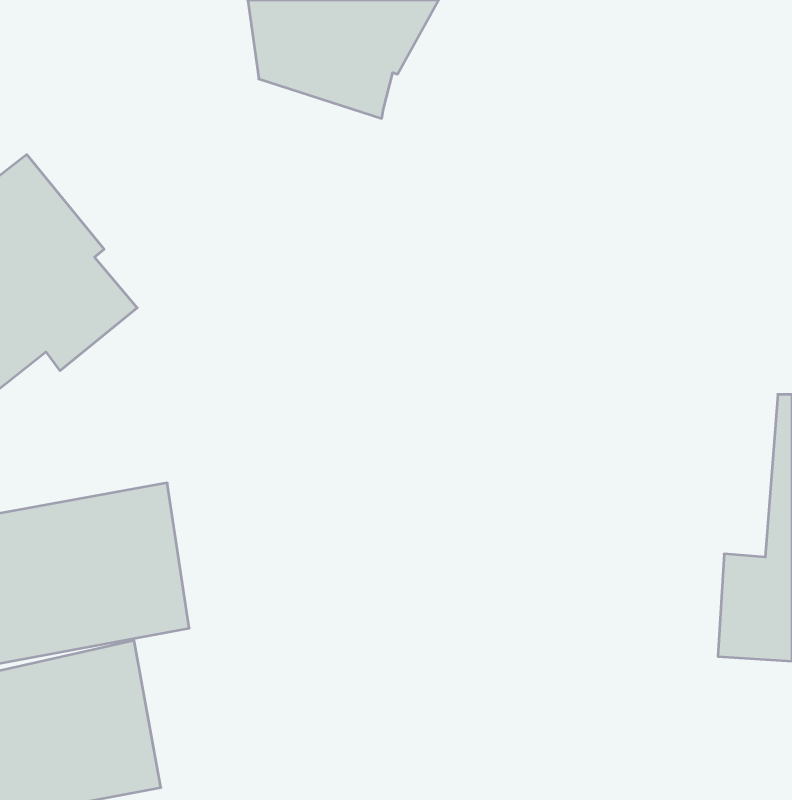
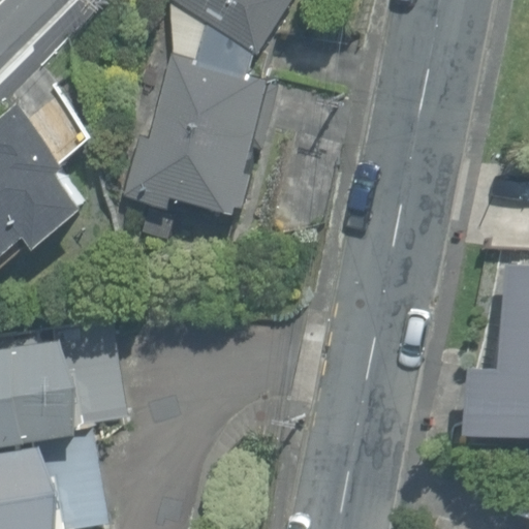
building: none -> [123,56,268,212]

